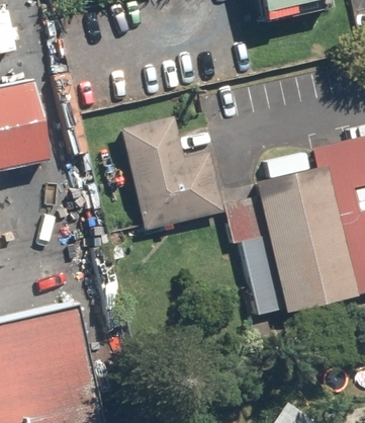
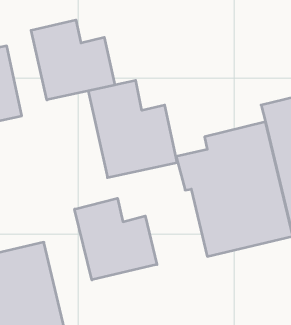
building: none -> [31,20,115,100]
building: none -> [75,198,157,280]

